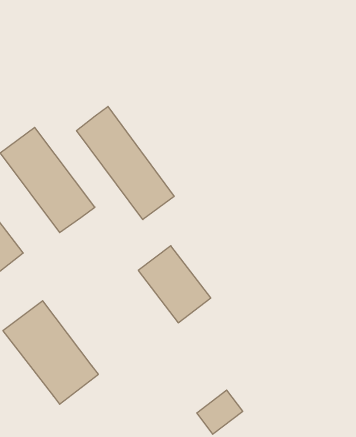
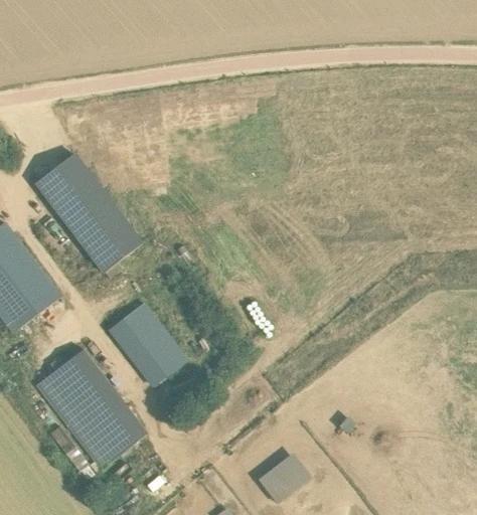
building: [77,106,174,220] -> none
building: [138,246,211,323] -> [107,300,189,387]

